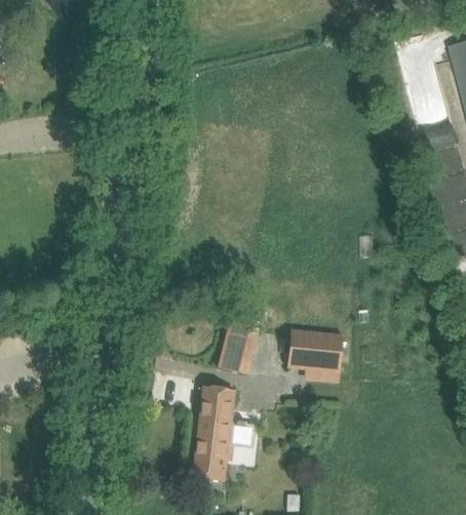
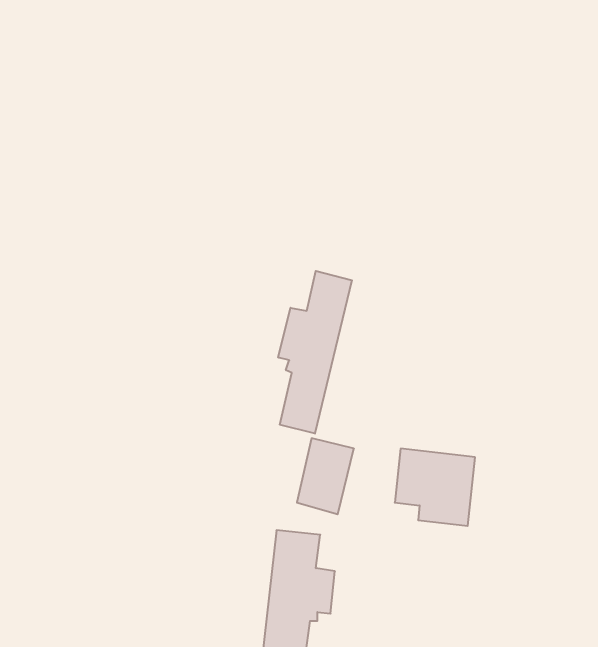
building: none -> [278,271,352,434]

